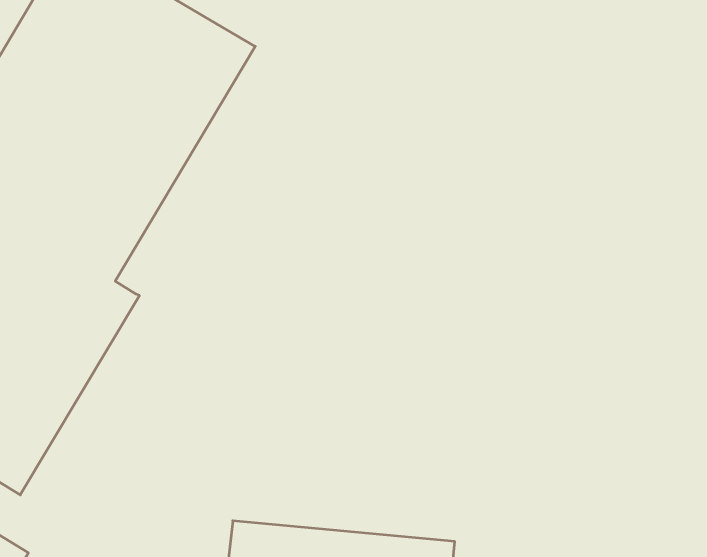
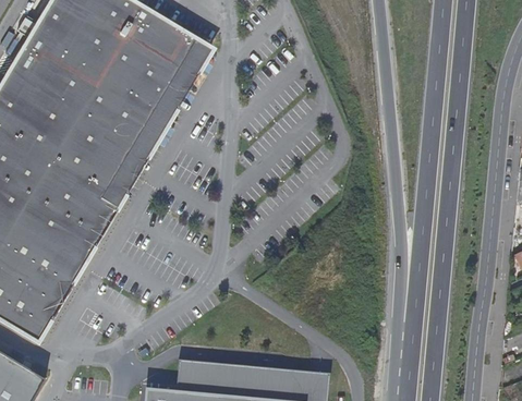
building: none -> [101,38,210,206]

